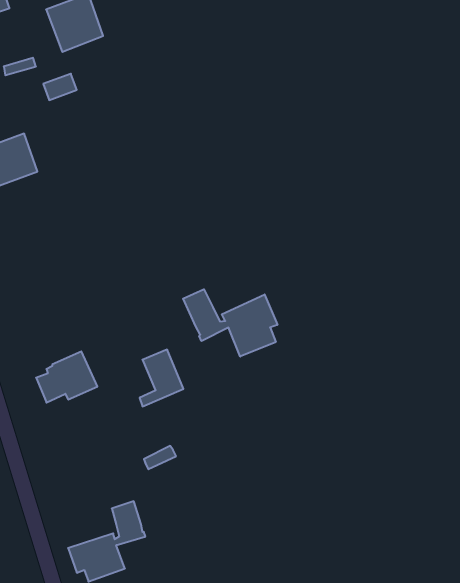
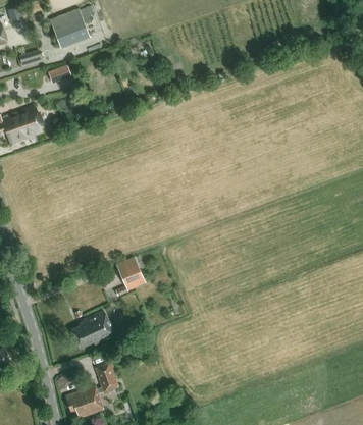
building: [183,289,277,357] -> none
building: [36,351,97,403] -> [72,311,115,347]

